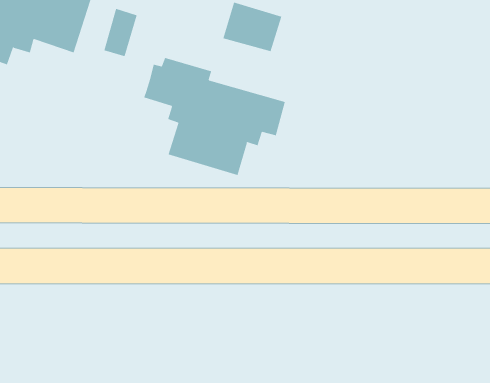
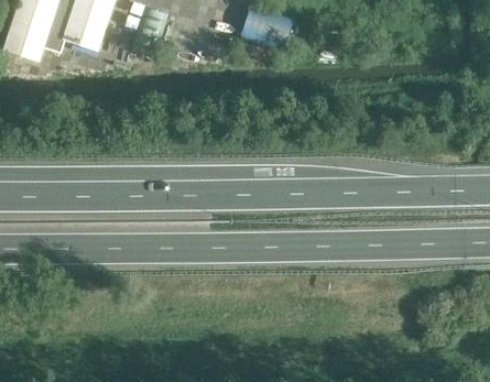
building: [143,57,285,176] -> none

